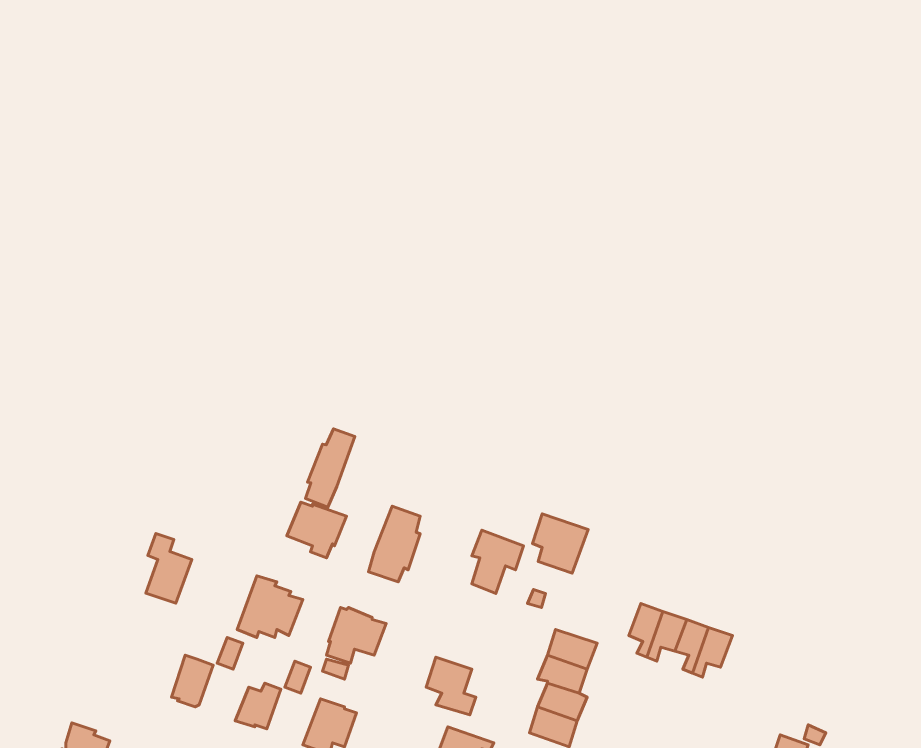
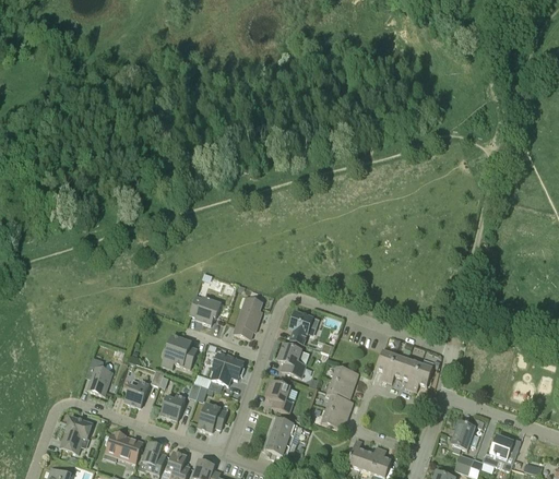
building: [306,429,355,507] -> none
building: [532,514,588,573] -> [278,344,309,376]
building: [146,534,192,603] -> [87,357,112,395]

